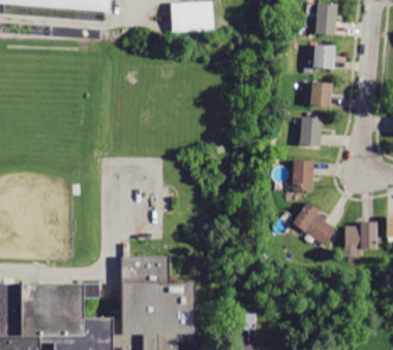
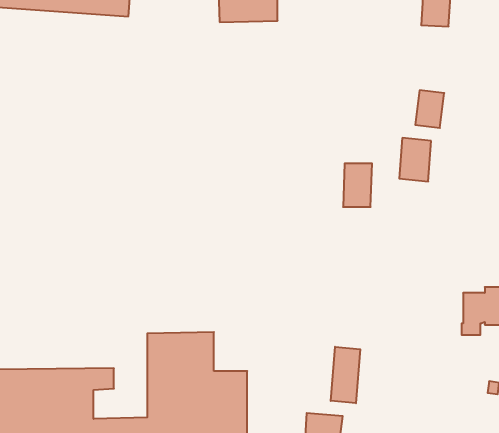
building: [313,45,335,69] -> none
building: [293,161,313,192] -> [343,163,372,207]
building: [293,202,336,246] -> none
building: none -> [331,347,360,403]

